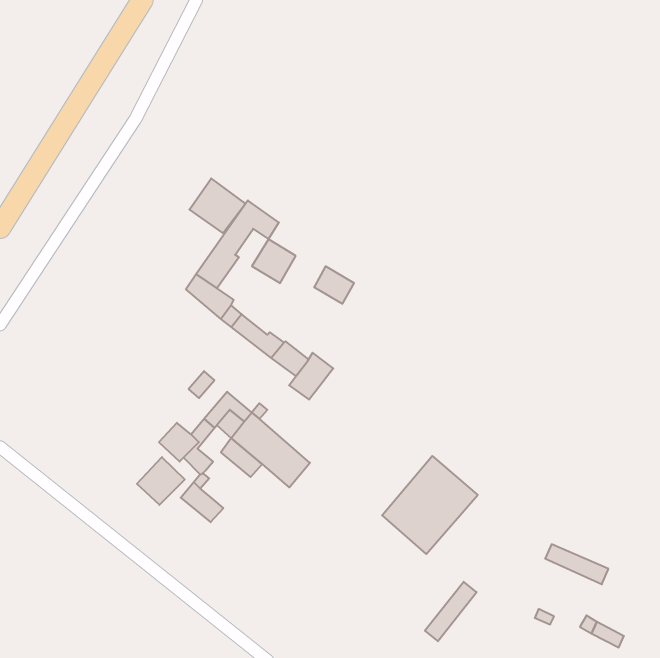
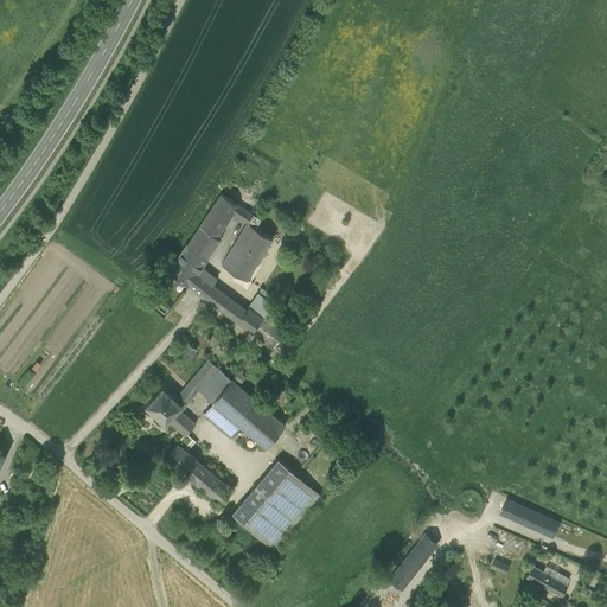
building: [189,178,246,233] -> none
building: [314,266,354,304] -> [221,247,257,281]
building: [289,353,333,400] -> none
building: [382,456,478,554] -> [232,461,320,551]
building: [137,457,185,505] -> none
building: none -> [193,468,231,504]

